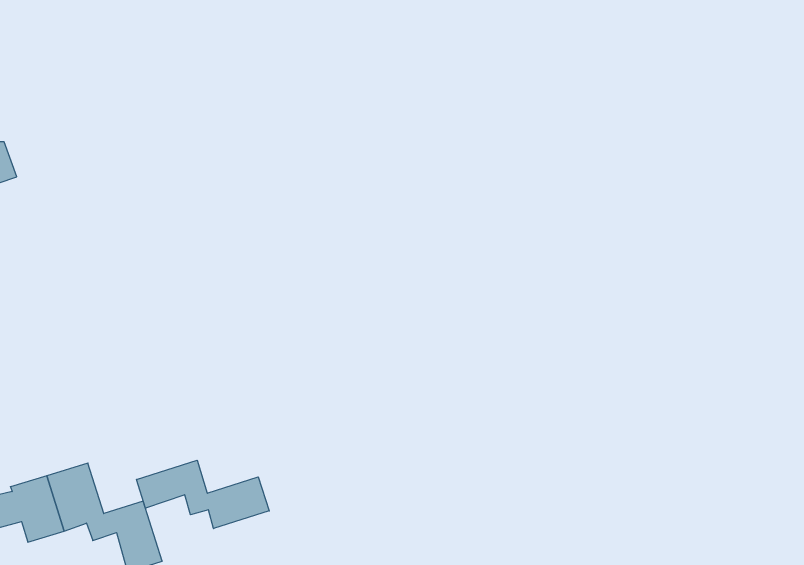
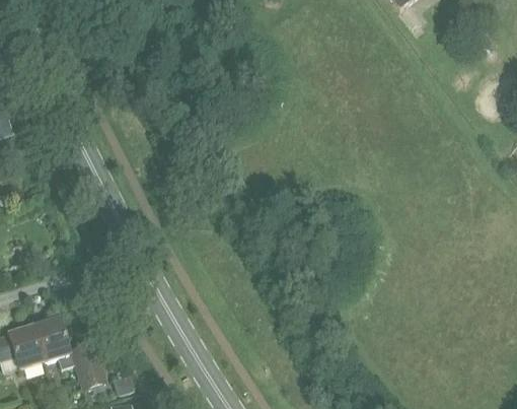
building: [137,460,269,529] -> none

